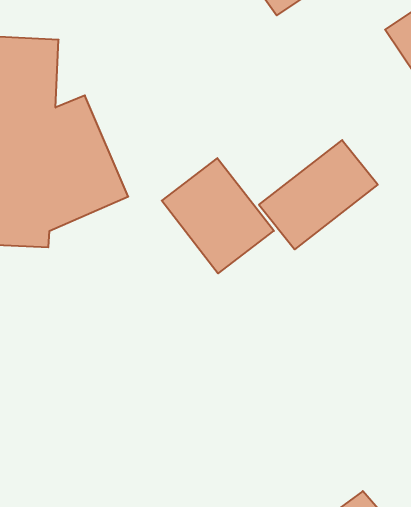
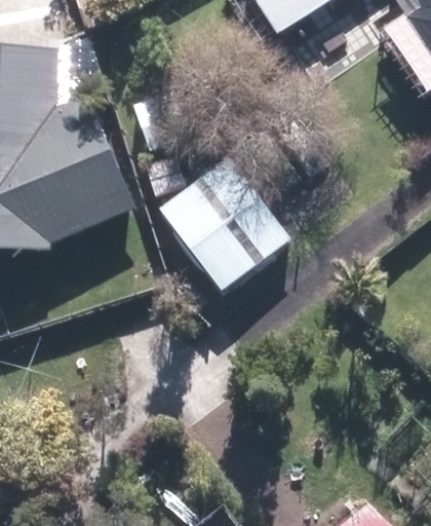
building: [259,140,378,249] -> none

